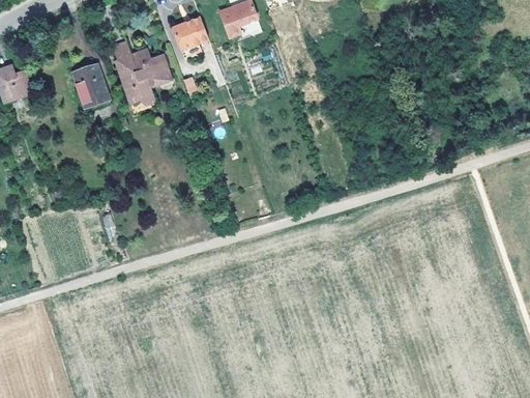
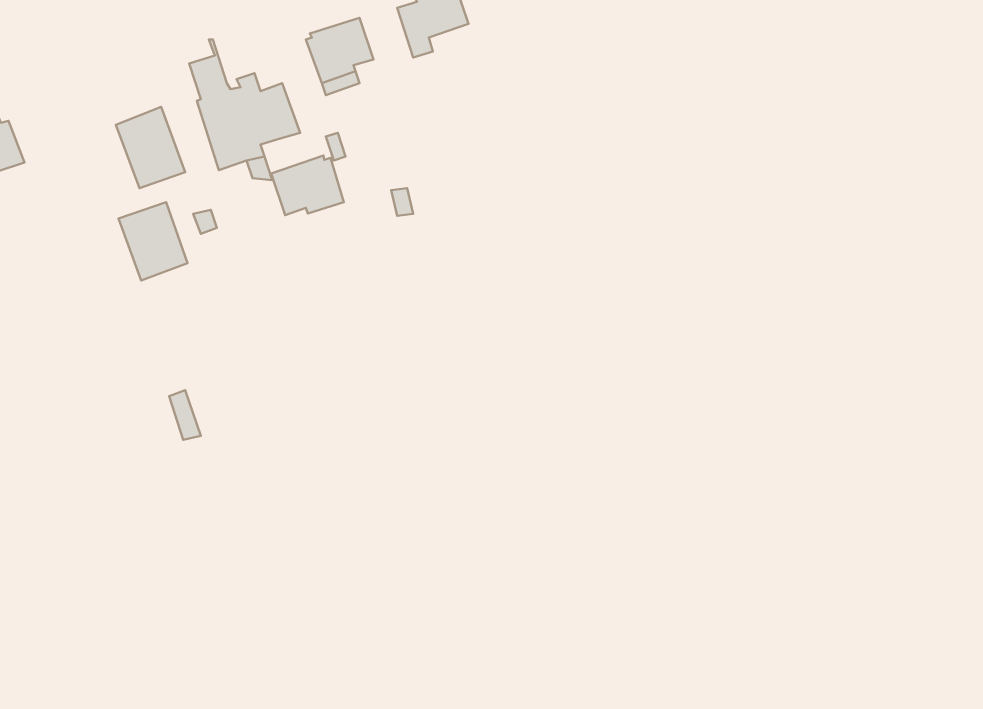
building: none -> [271,156,344,215]
building: none -> [119,202,188,281]

